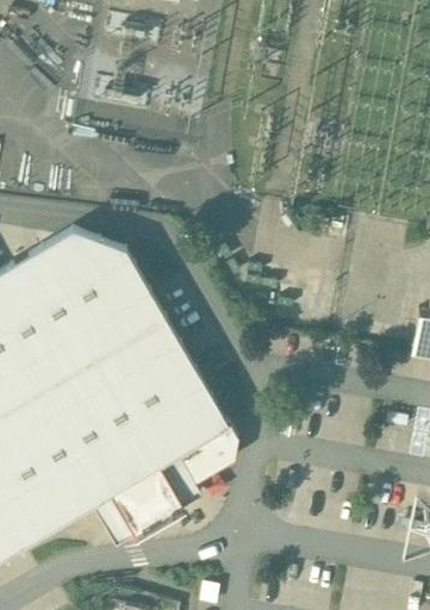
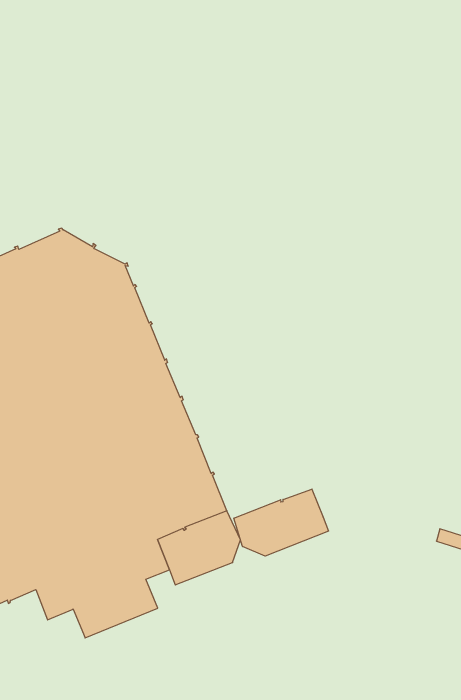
building: none -> [234,489,329,556]

